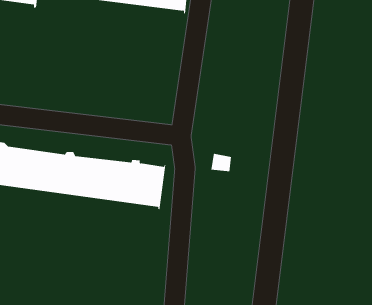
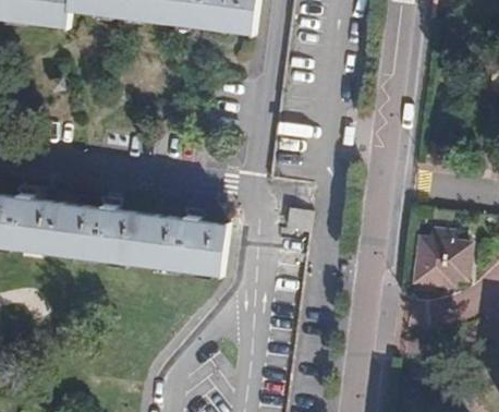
building: none -> [414,230,468,286]

